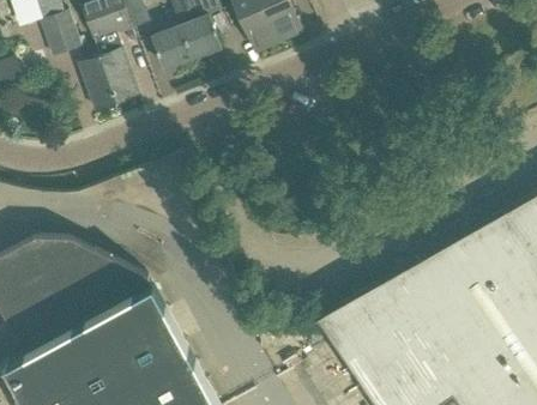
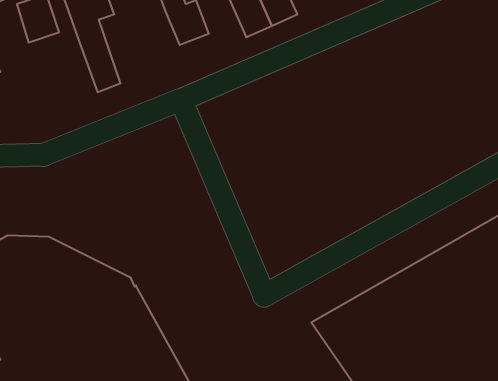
building: [152,26,193,68] -> none
building: [78,55,116,109] -> none

